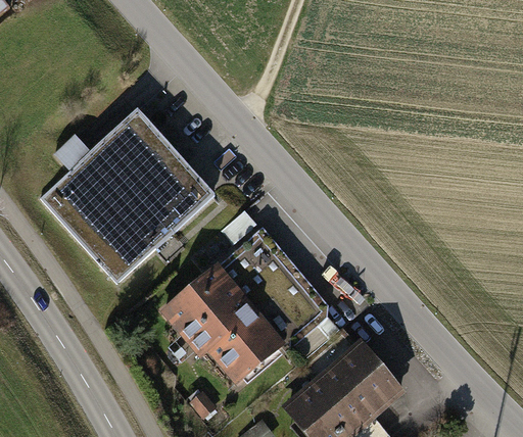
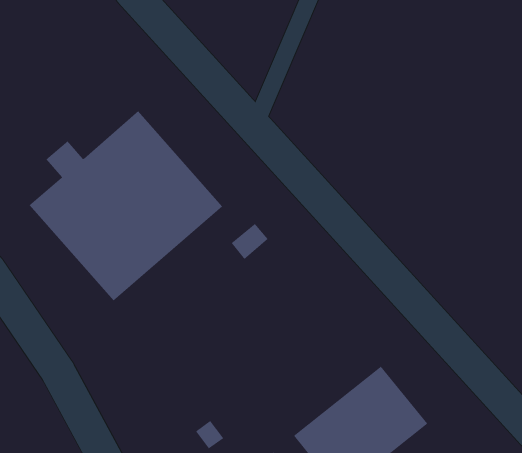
building: [162,228,330,391] -> none

